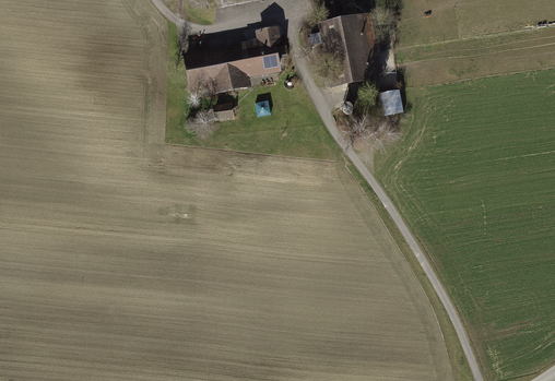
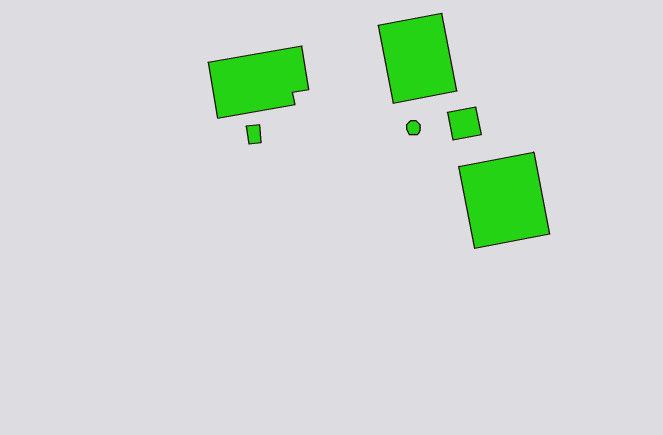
building: [256,24,283,73] -> none
building: none -> [459,152,550,248]

